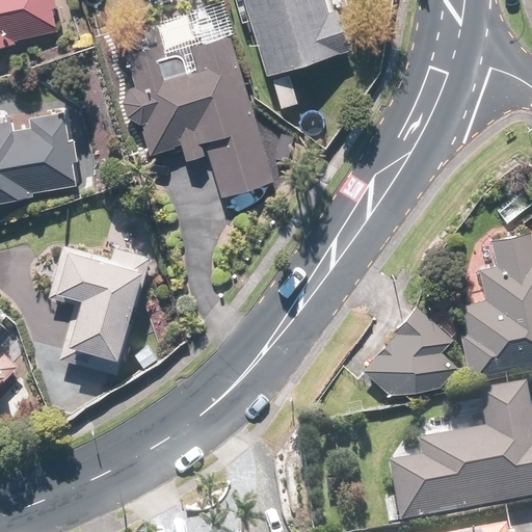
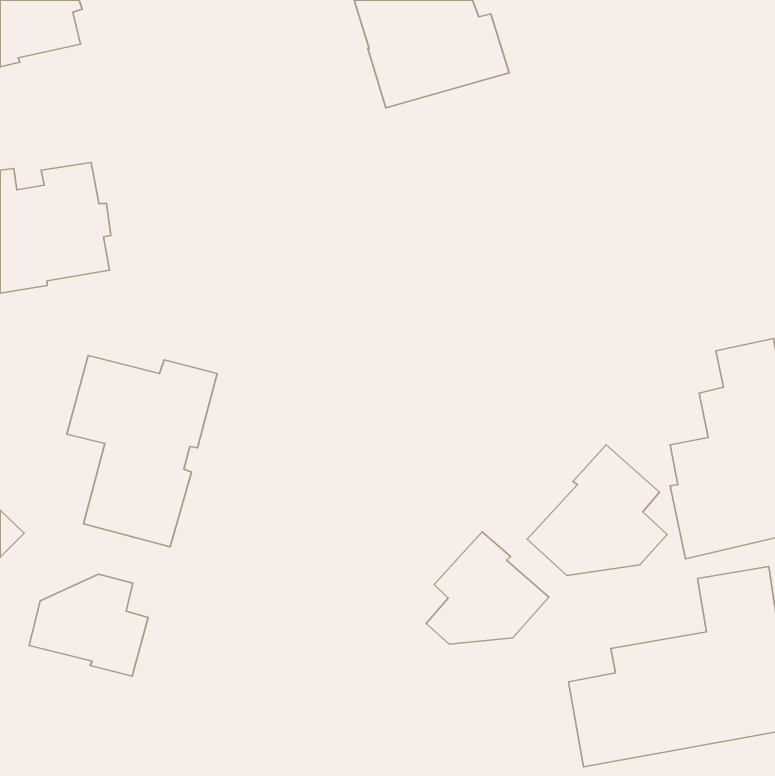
building: [122,35,273,196] -> none
building: none -> [426,532,549,644]
building: none -> [29,574,148,676]

